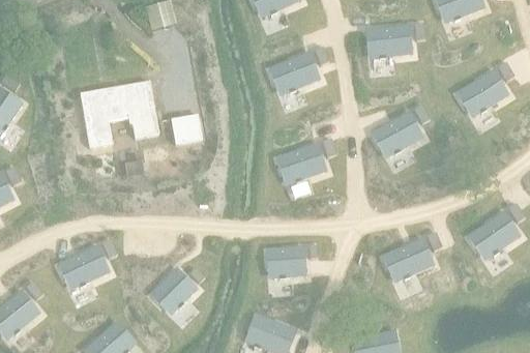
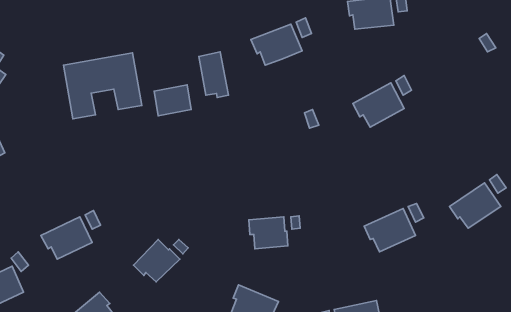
building: [455,70,507,115] -> none
building: none -> [199,52,228,97]
building: [274,143,325,183] -> none

